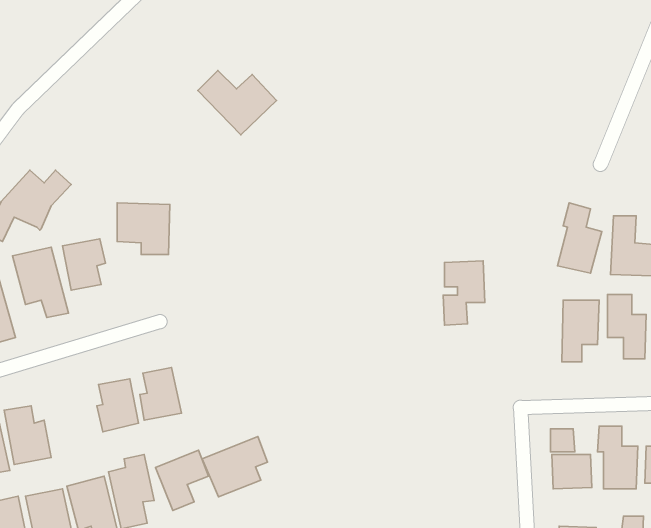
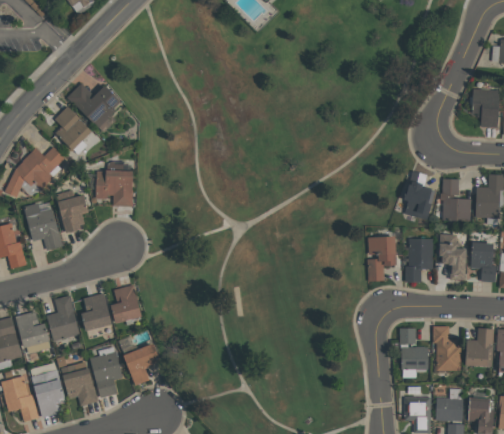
building: [198,70,277,135] -> [67,82,122,127]
building: none -> [54,106,92,150]
building: [443,261,485,325] -> [367,236,396,281]
building: none -> [47,295,80,341]
building: [202,436,267,497] -> none

